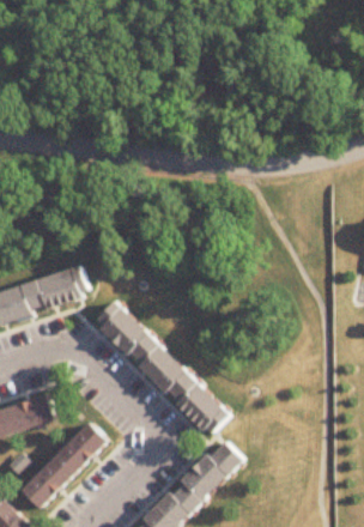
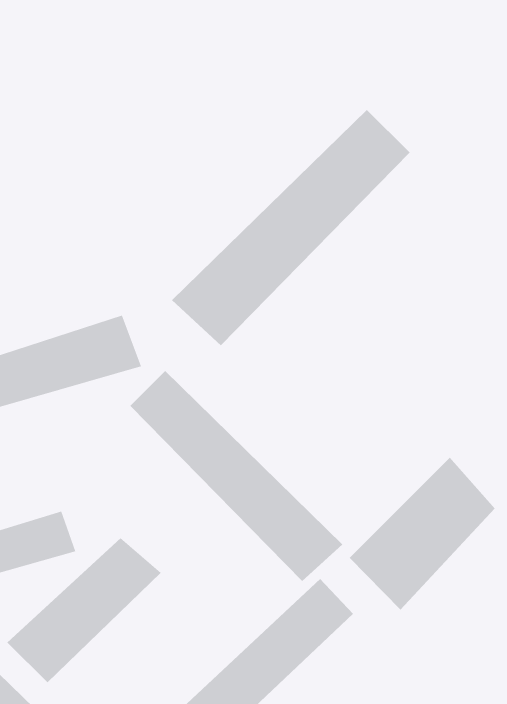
building: none -> [171,109,410,346]
building: none -> [349,457,496,610]

